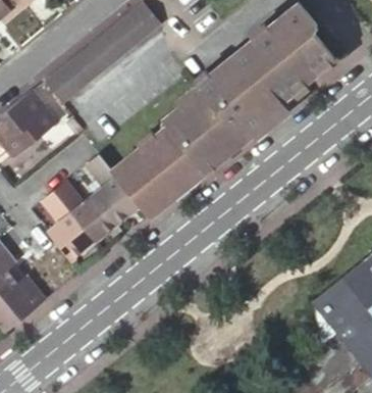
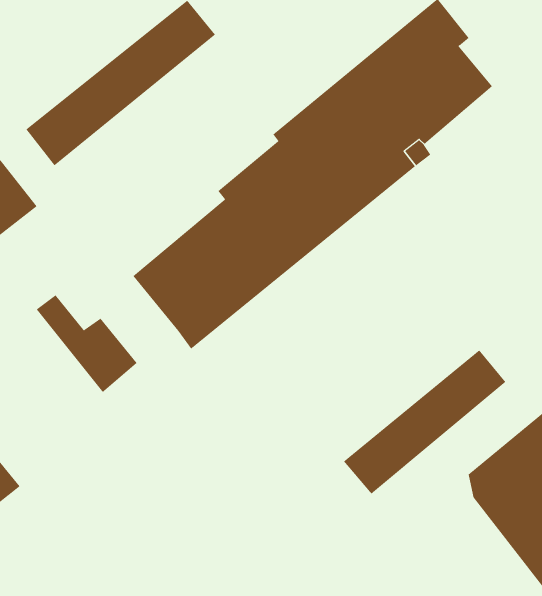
building: [86,155,141,225] -> none
building: [43,192,95,261] -> none
building: none -> [343,349,506,494]

